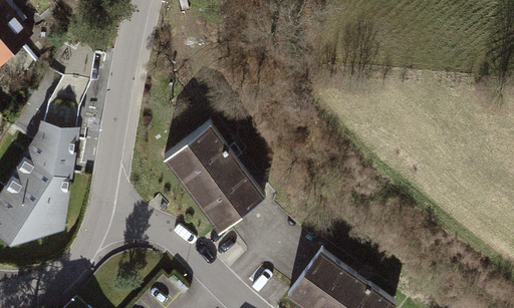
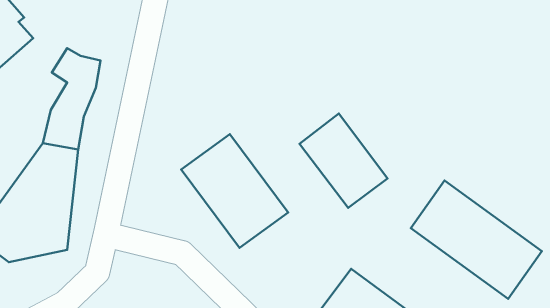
building: none -> [300,114,388,208]
building: none -> [411,180,542,299]

